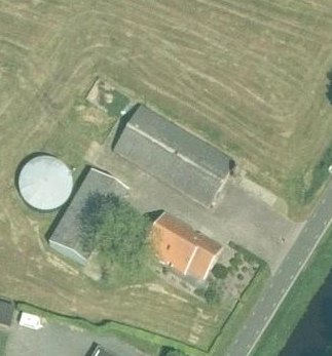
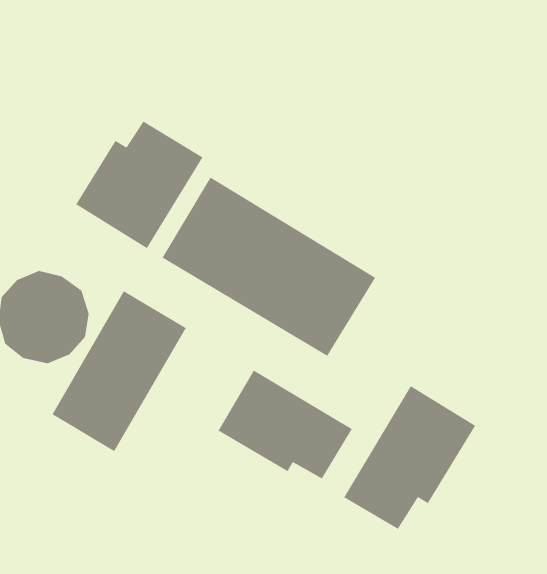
building: none -> [75,121,203,249]
building: none -> [343,385,476,530]

